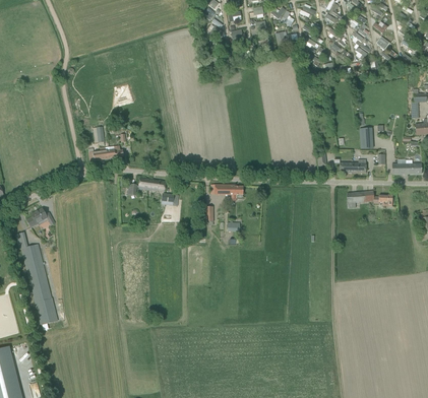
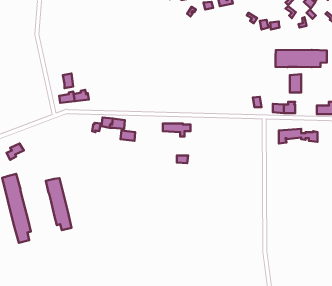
building: none -> [275,50,327,67]
building: none -> [46,178,72,230]

